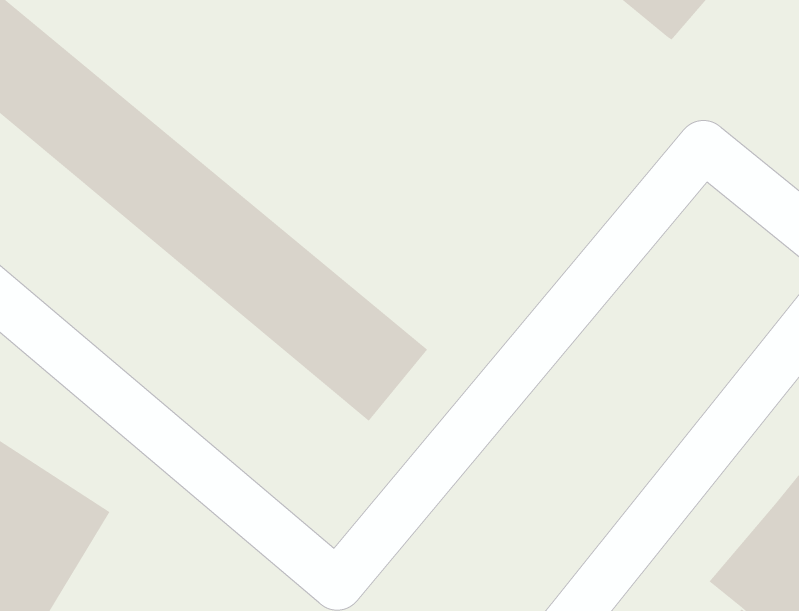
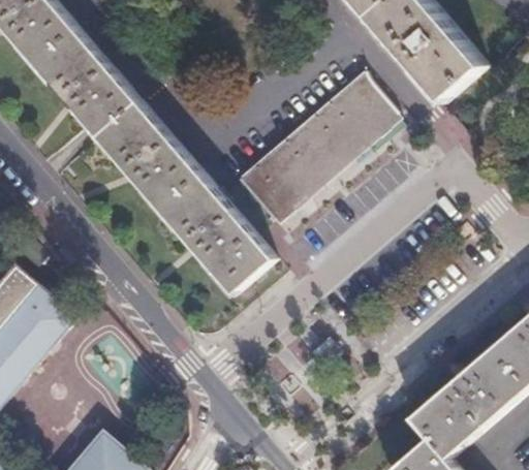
building: none -> [236,73,394,221]

